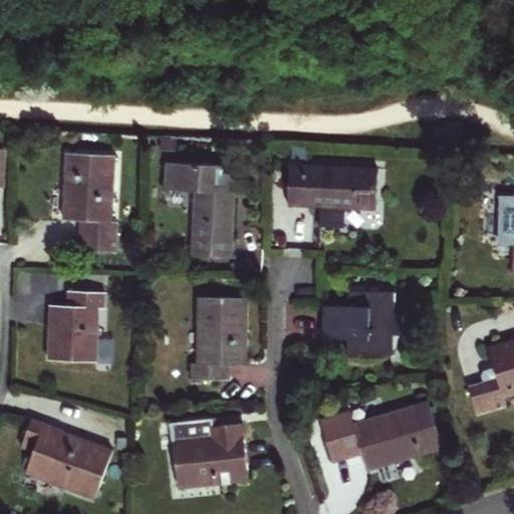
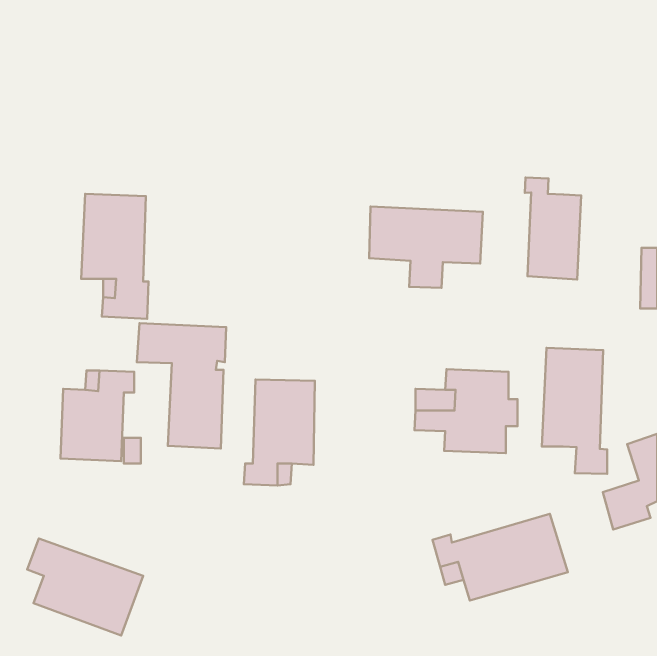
building: none -> [525,177,581,280]
building: [166,163,235,260] -> [137,323,226,449]
building: none -> [542,348,607,474]
building: [171,419,248,486] -> none

